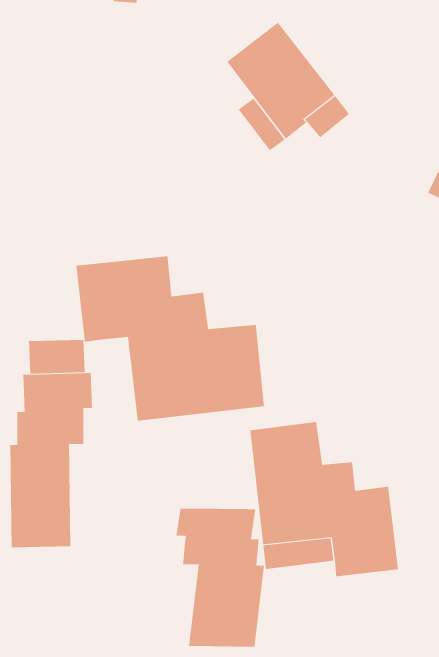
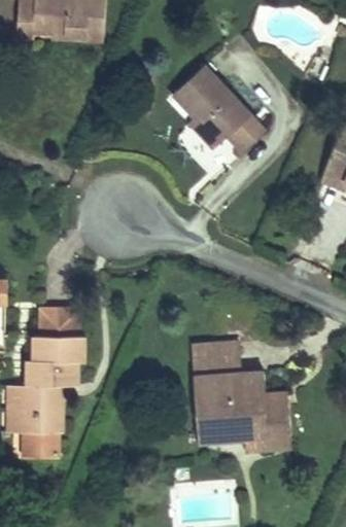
building: [76,256,265,421] -> none
building: [176,508,265,647] -> none

